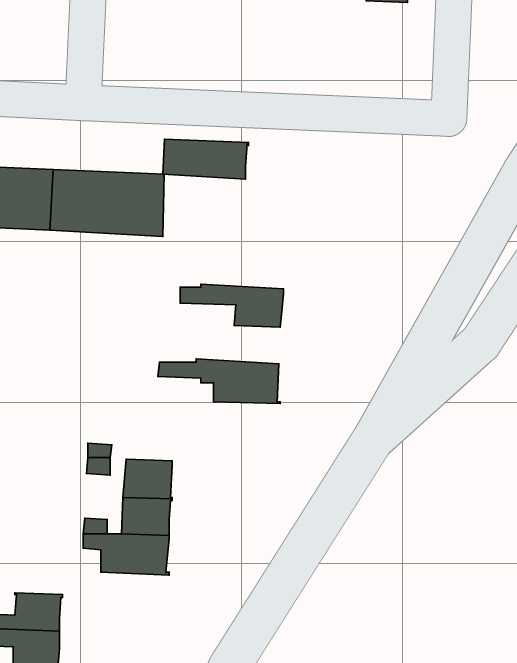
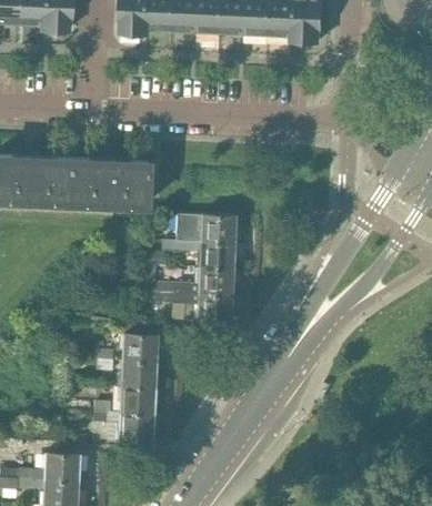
building: [163,139,249,179] -> [175,214,235,242]
building: none -> [172,267,231,294]
building: none -> [123,334,158,362]

